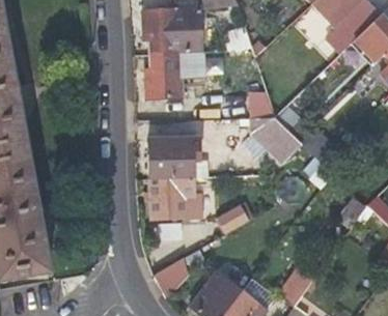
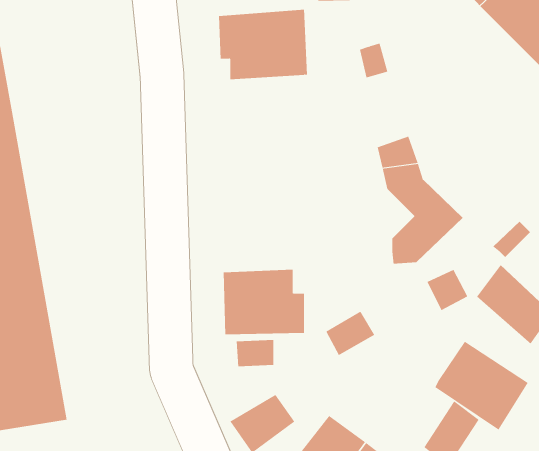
building: [147,51,201,97] -> none
building: [147,138,197,178] -> none
building: none -> [434,341,528,431]

